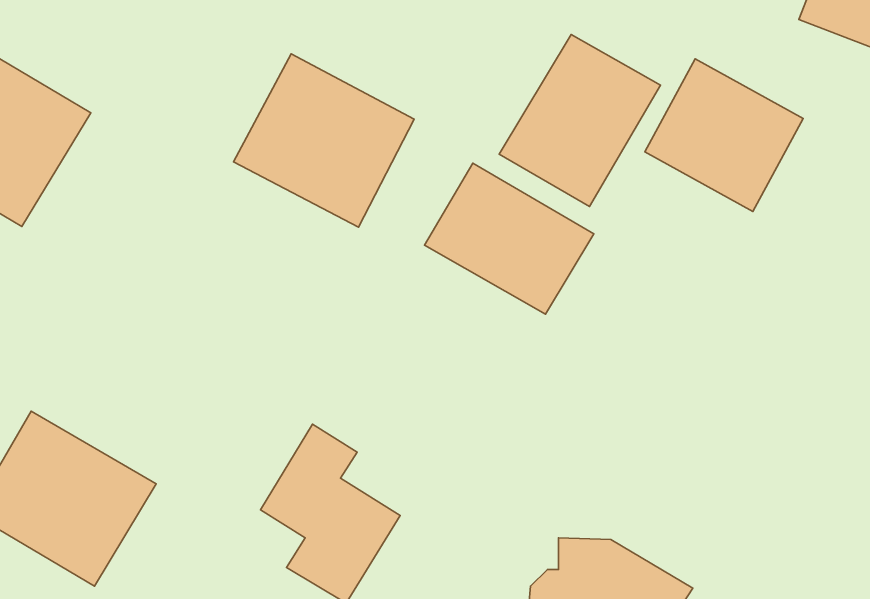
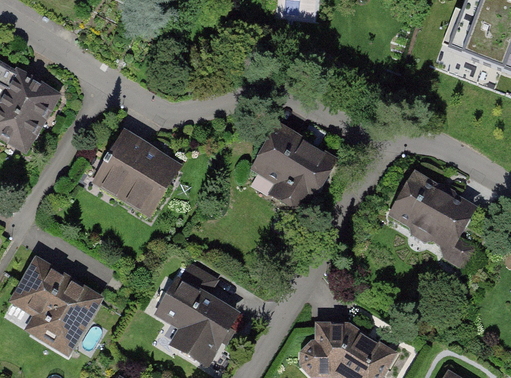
building: [499,35,661,207] -> none
building: [234,54,414,227] -> [90,124,187,217]
building: [645,59,803,212] -> [390,177,475,259]

